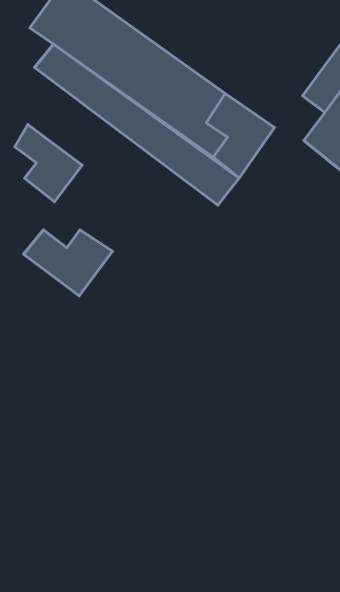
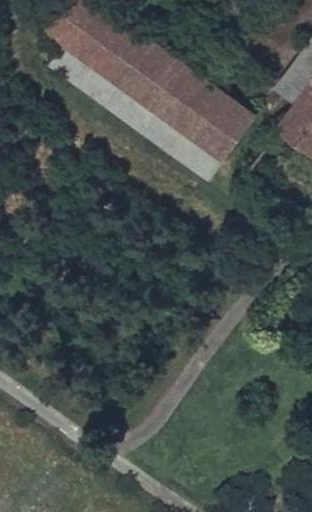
building: [15,125,82,202] -> none
building: [23,230,112,296] -> none

